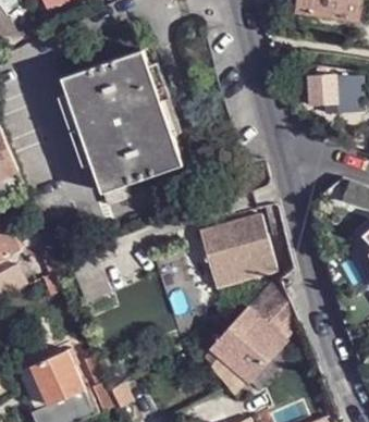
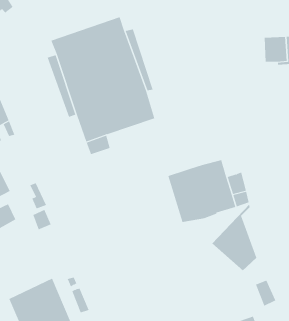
building: [210,311,285,382] -> none

